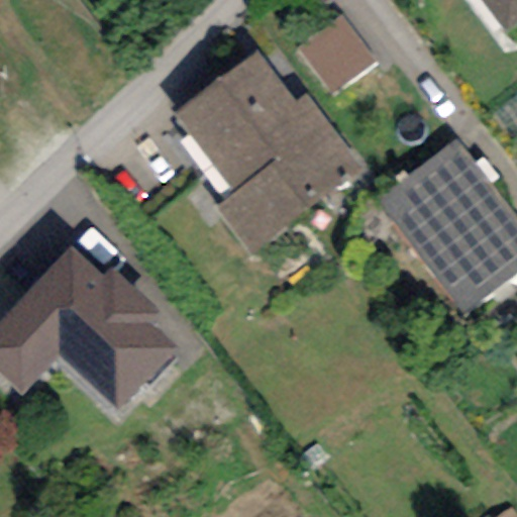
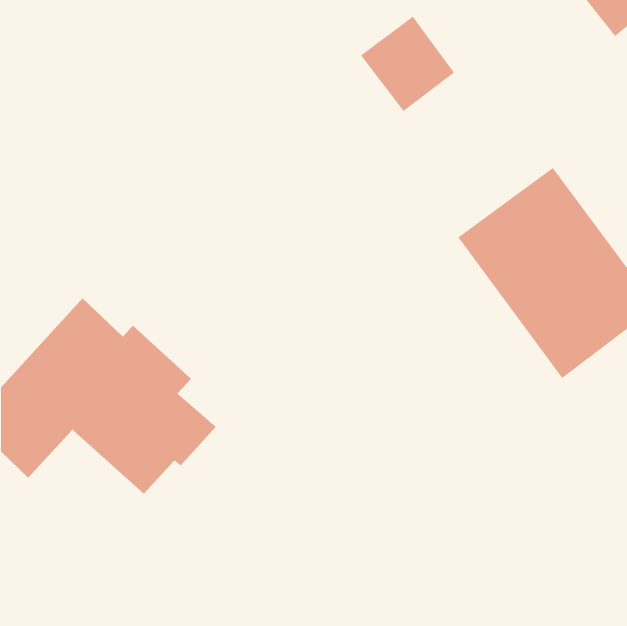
building: [175,50,366,255] -> none

